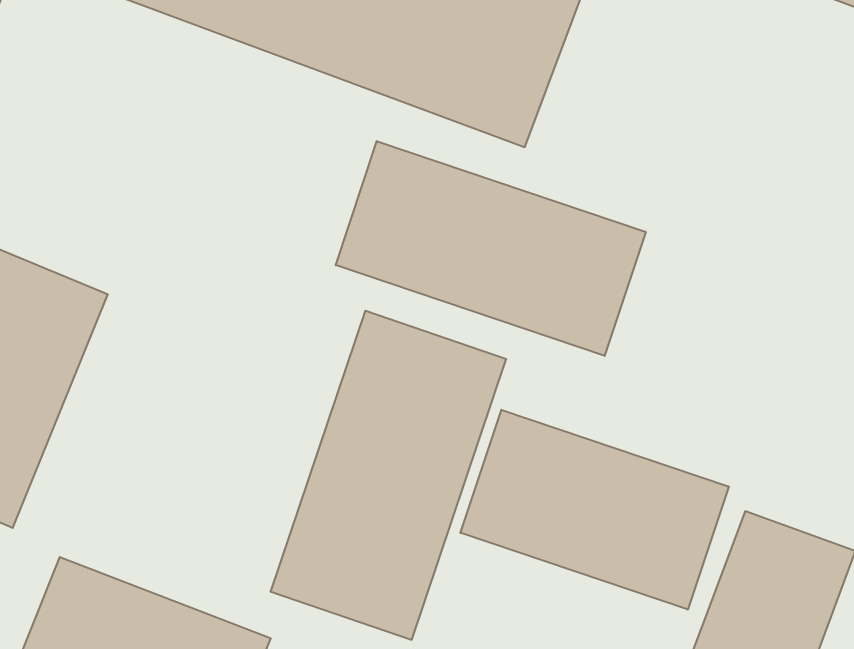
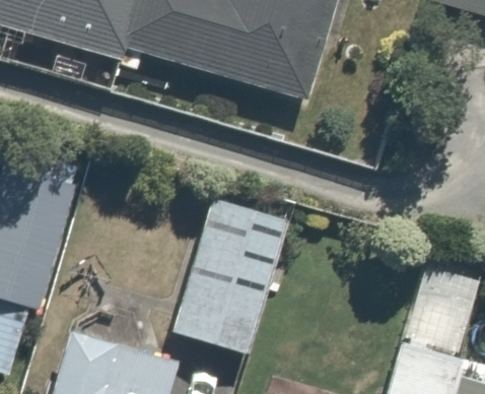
building: [336,141,646,356] -> none
building: [460,410,729,610] -> none

